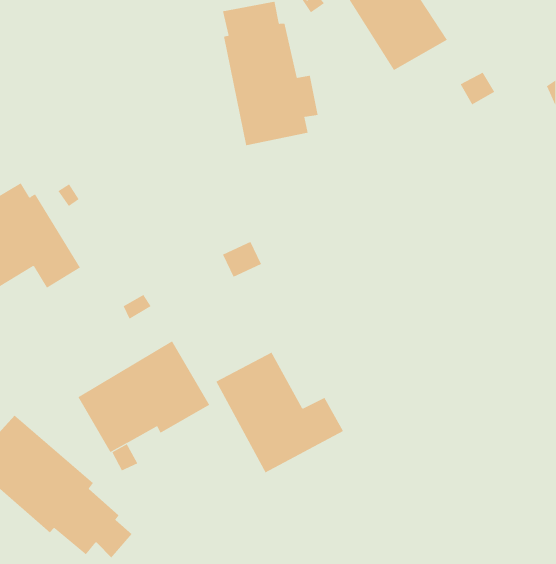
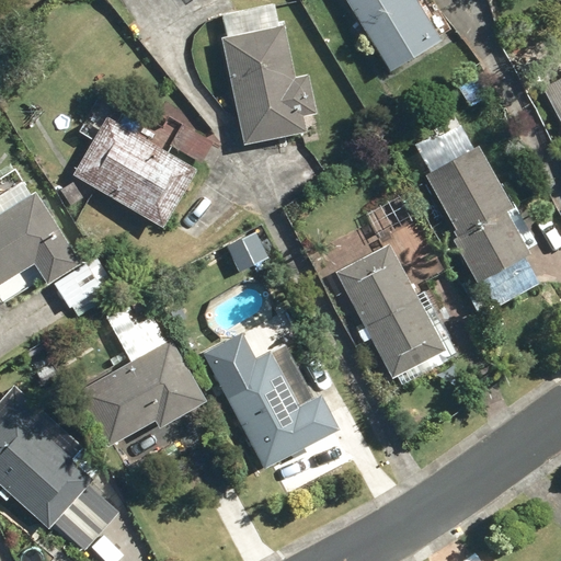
building: none -> [70,115,209,227]
building: none -> [425,145,542,308]
building: none -> [334,243,456,388]

